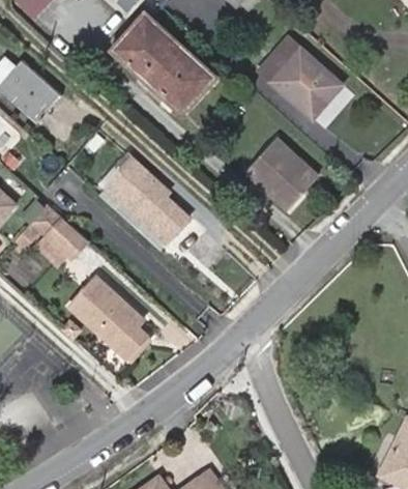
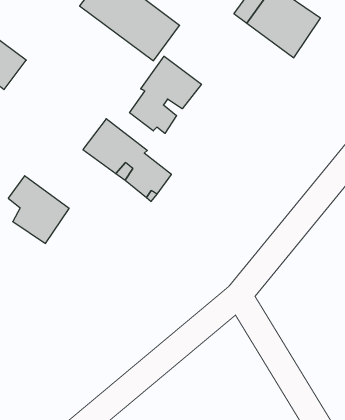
building: none -> [130,56,201,133]
building: [251,145,311,205] -> none
building: [69,276,151,363] -> none

